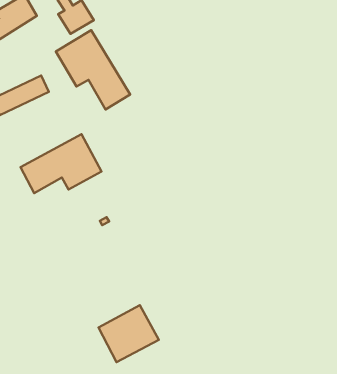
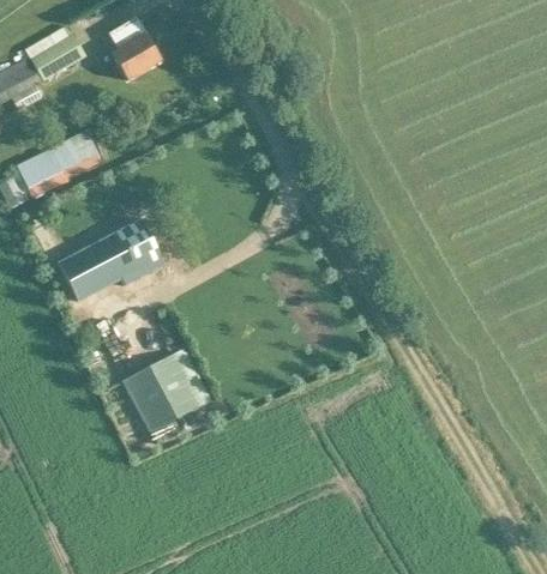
building: [56,30,130,109] -> none
building: [98,305,159,362] -> [125,349,209,428]

